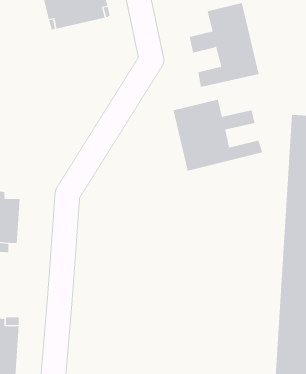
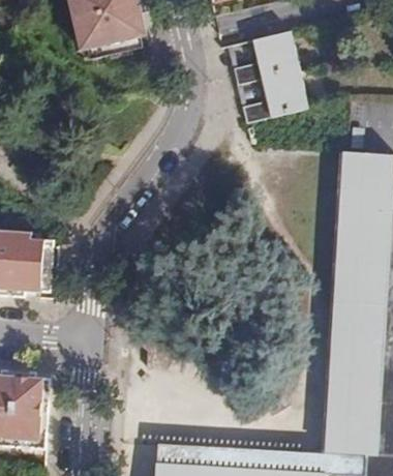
building: [173,99,263,172] -> none

